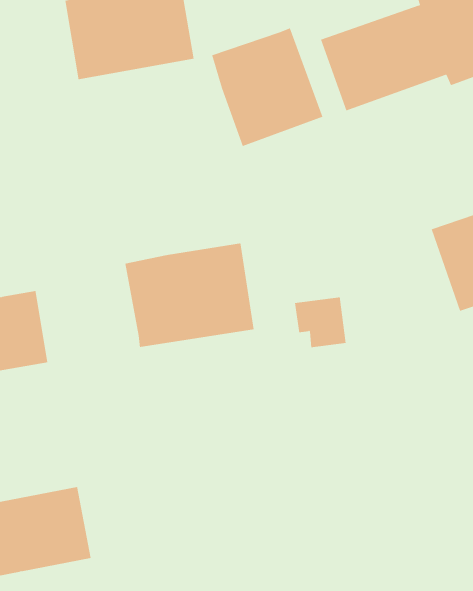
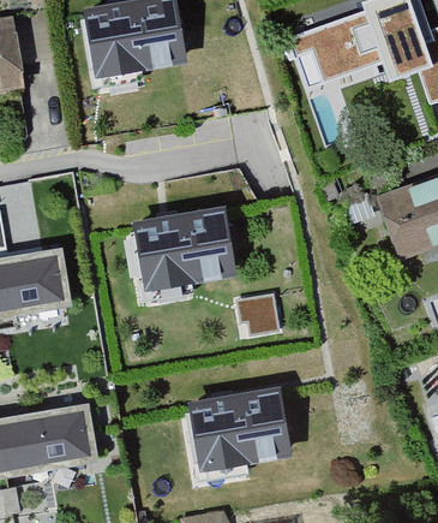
building: [212,28,323,147] -> none
building: [294,297,346,348] -> [236,293,278,334]
building: none -> [185,391,287,468]

